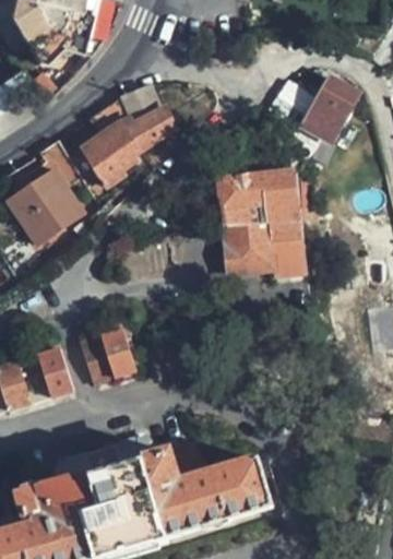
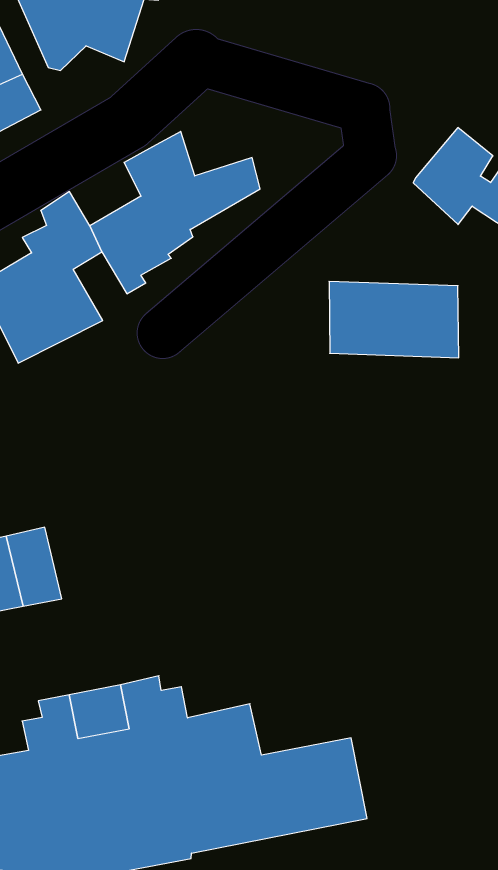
building: [121,84,160,123] -> none
building: [224,219,307,275] -> none
building: [79,326,136,382] -> none

